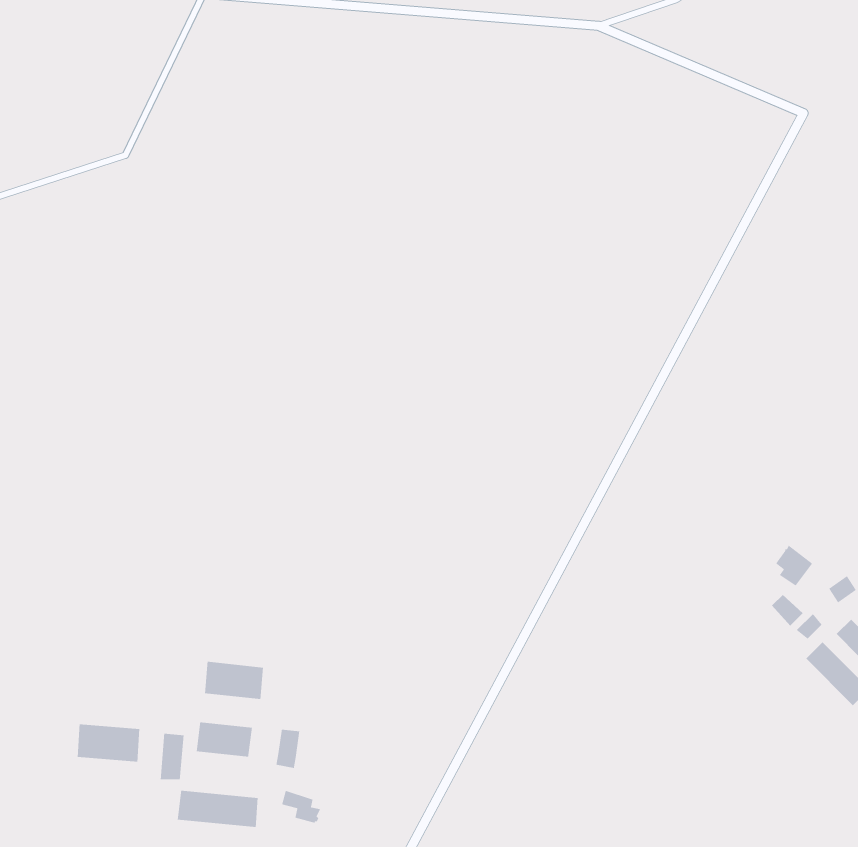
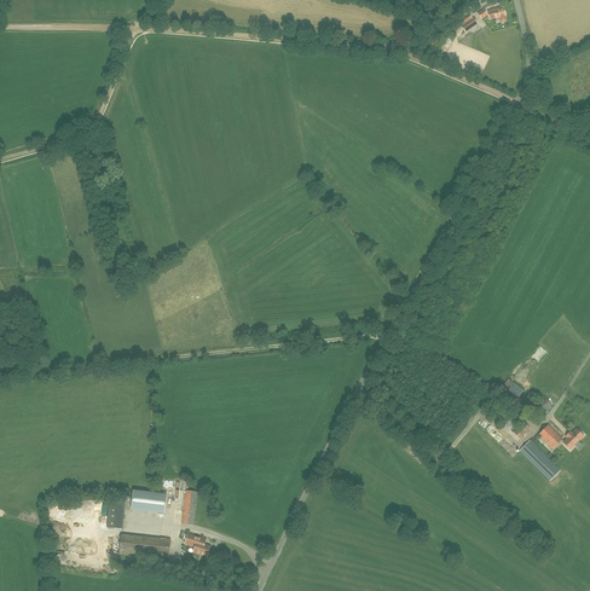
building: [204,661,264,700] -> none
building: [77,724,140,762] -> none

